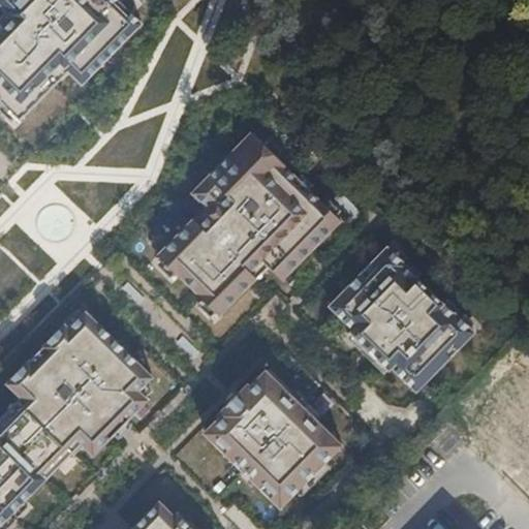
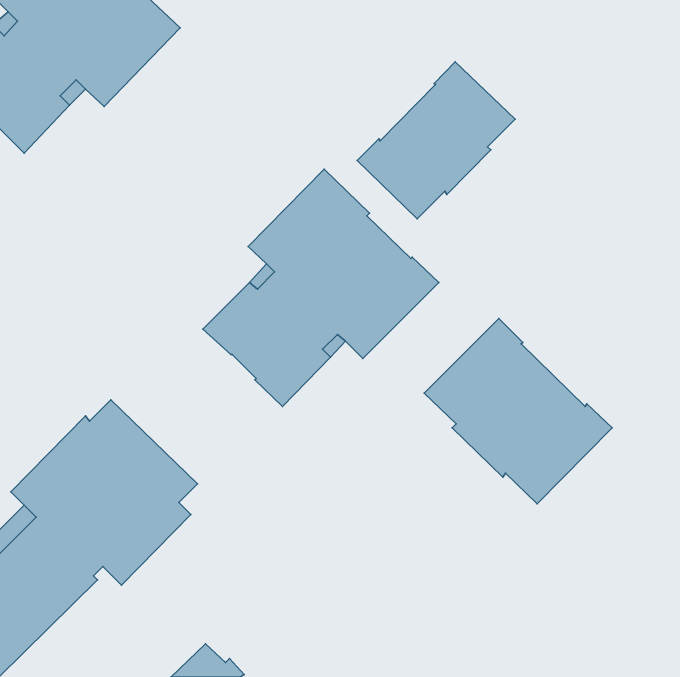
building: none -> [357,62,515,219]
building: [205,369,342,506] -> none

